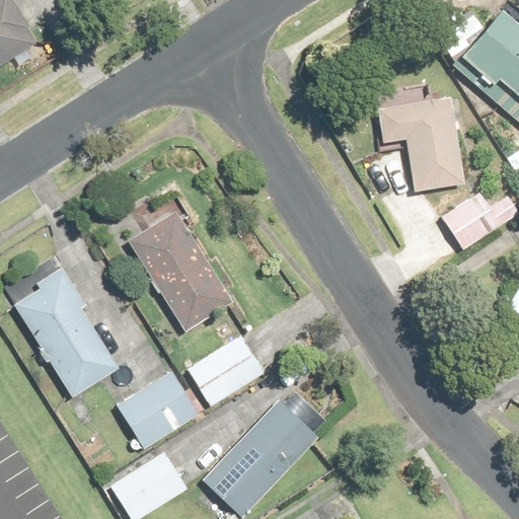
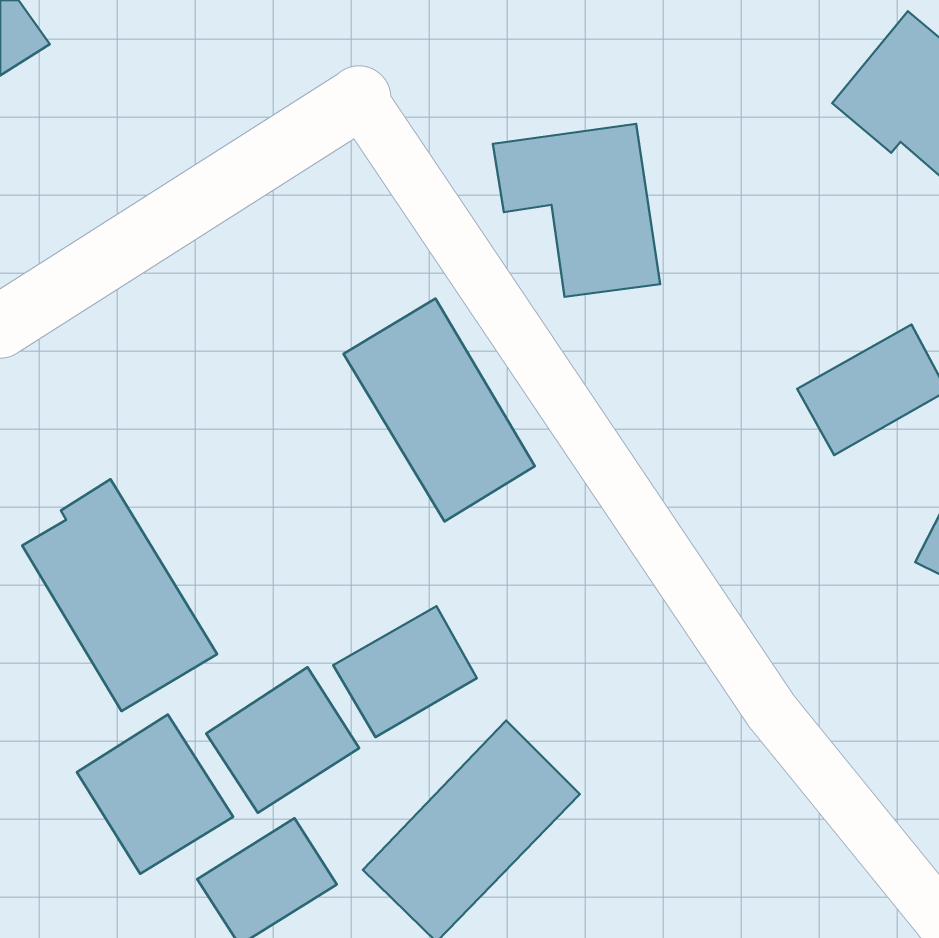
building: [374,96,466,192] -> [493,124,660,297]
building: [127,210,232,332] -> [343,299,535,522]
building: none -> [77,714,233,874]

